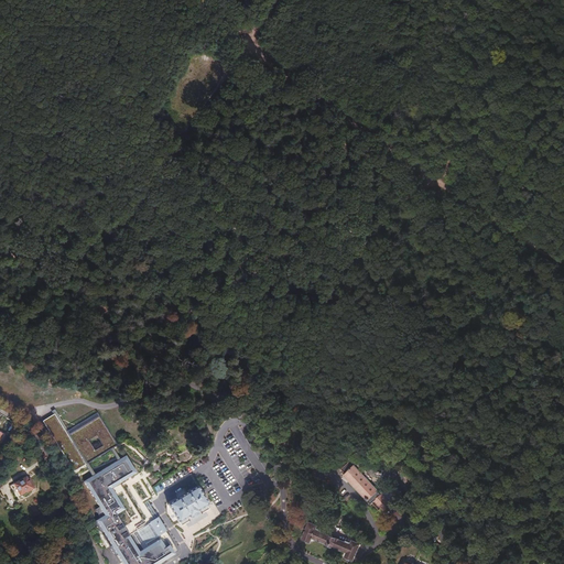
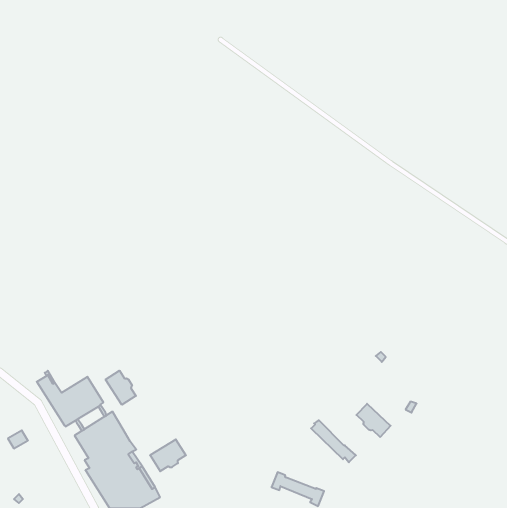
building: none -> [106,371,136,405]
building: none -> [356,404,391,437]

